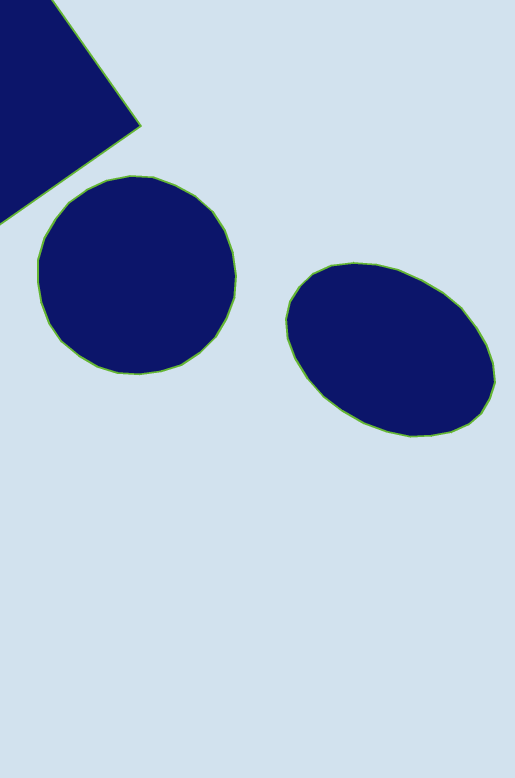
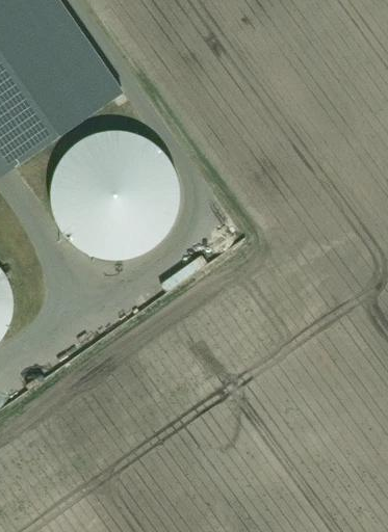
building: [286,263,495,437] -> none

